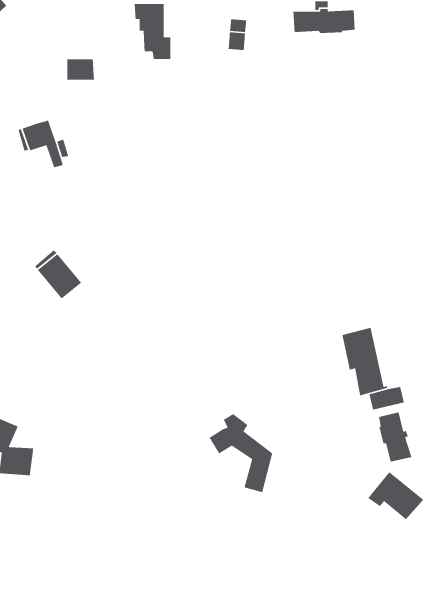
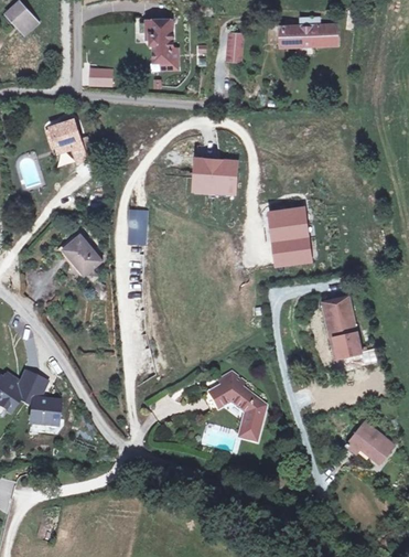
building: none -> [193,159,236,192]
building: none -> [268,207,312,266]
building: none -> [126,208,148,245]
building: [378,412,413,463] -> none

